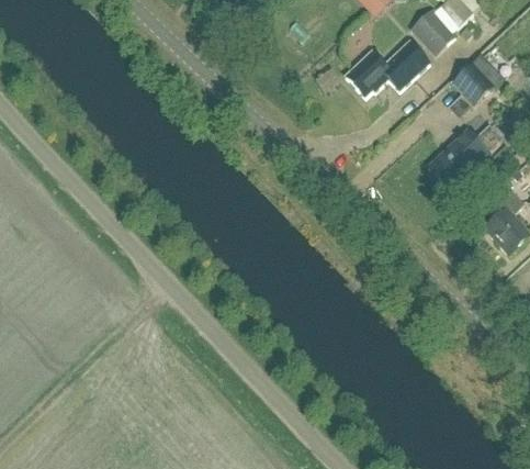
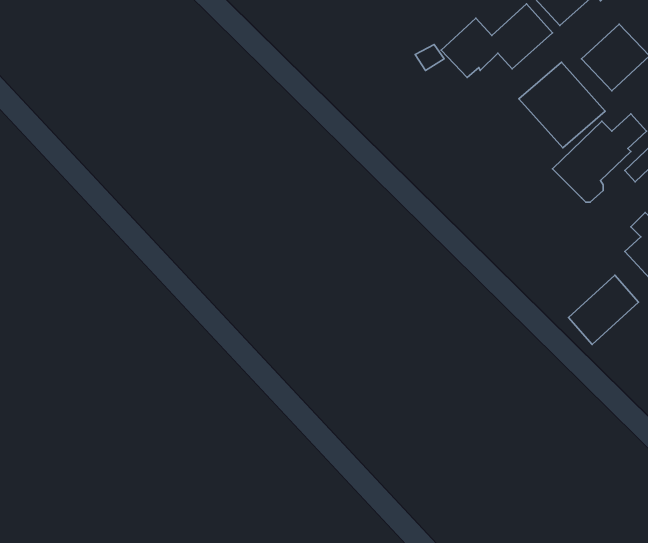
building: none -> [519,62,605,148]
building: none -> [569,275,638,345]

